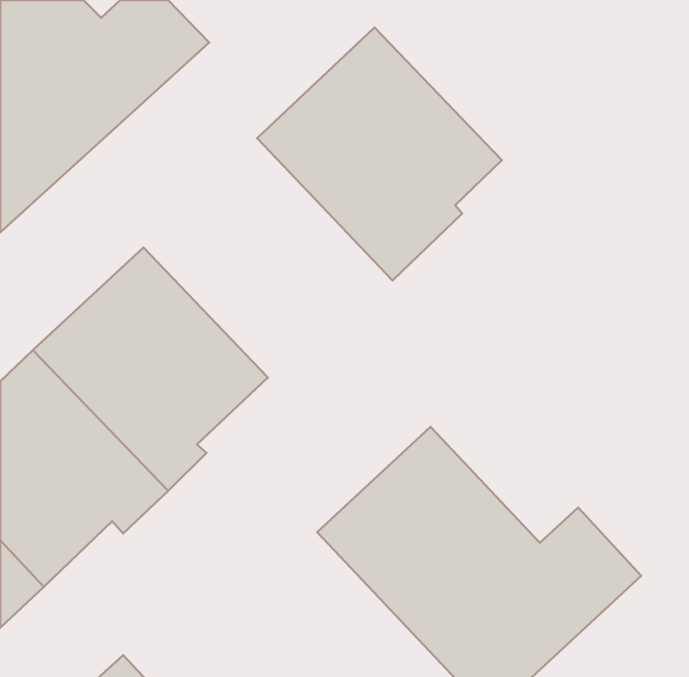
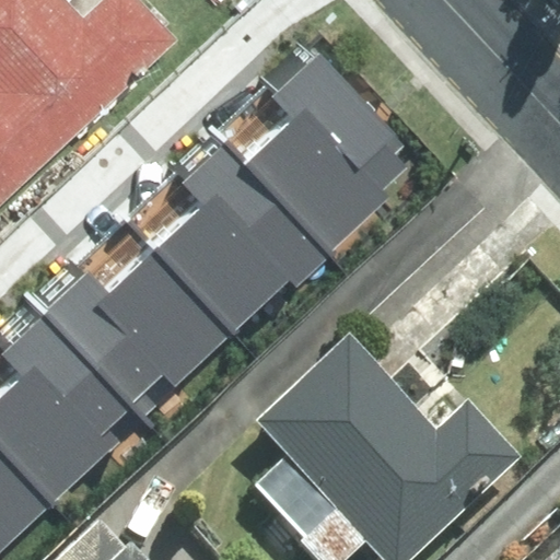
building: none -> [122,128,322,319]

